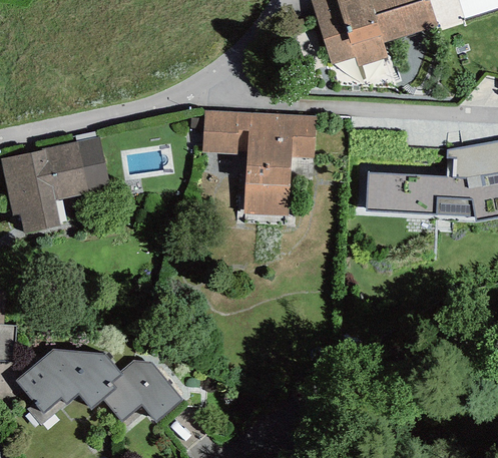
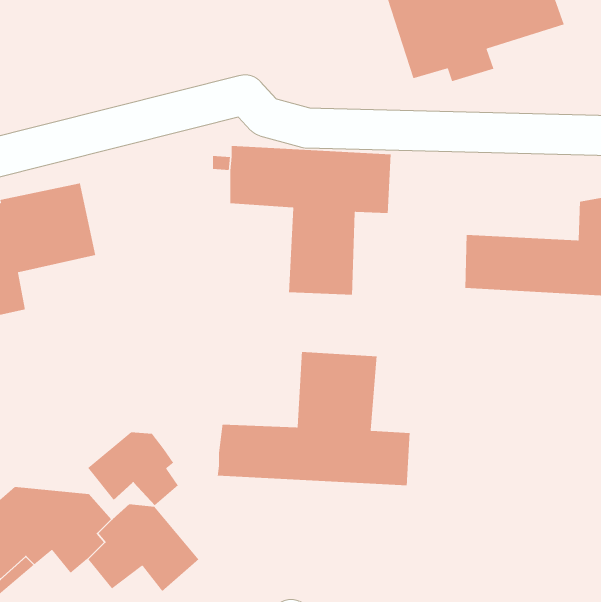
building: none -> [217,351,411,486]
building: none -> [87,431,179,506]

